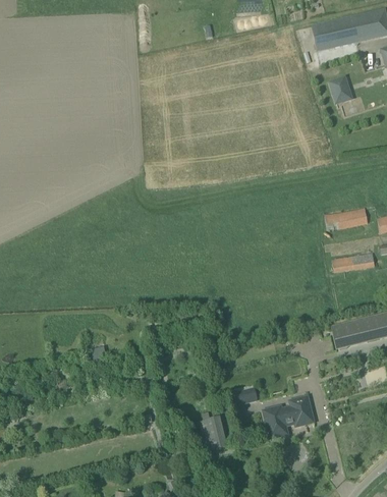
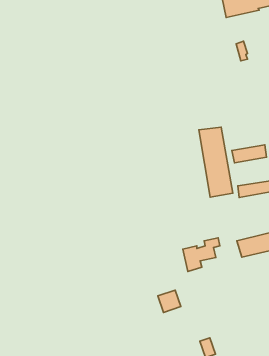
building: none -> [199,127,233,197]
building: [264,396,310,438] -> [183,238,220,271]
building: [201,416,227,450] -> none

